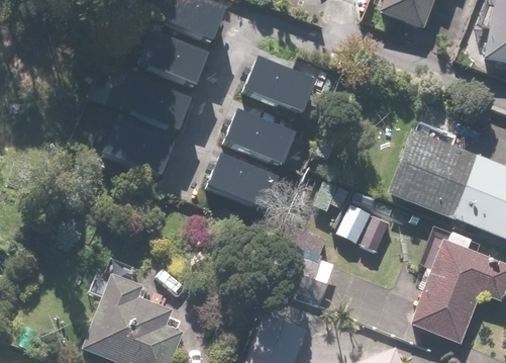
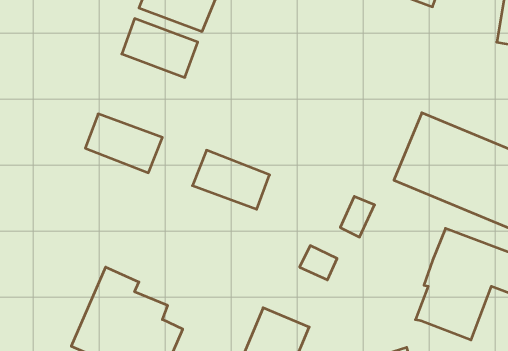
building: [234,62,307,117] -> none
building: [113,82,186,138] -> none
building: [217,116,290,172] -> none

